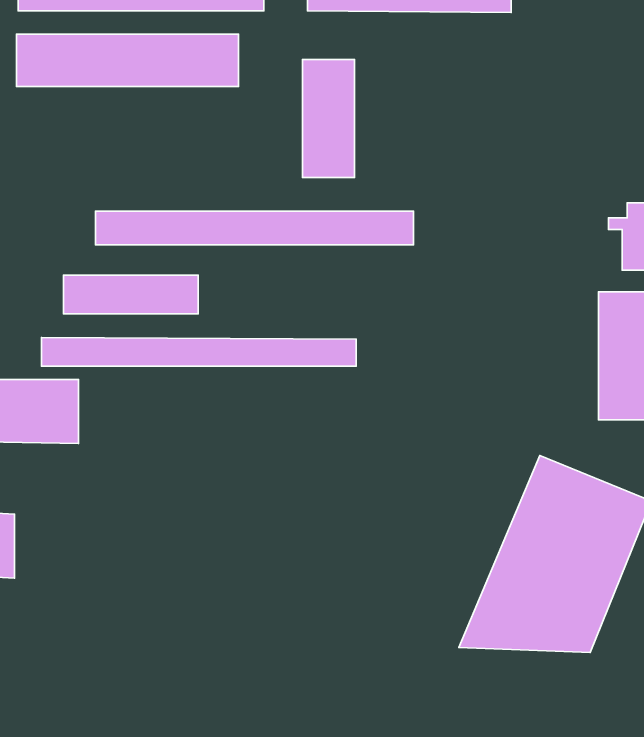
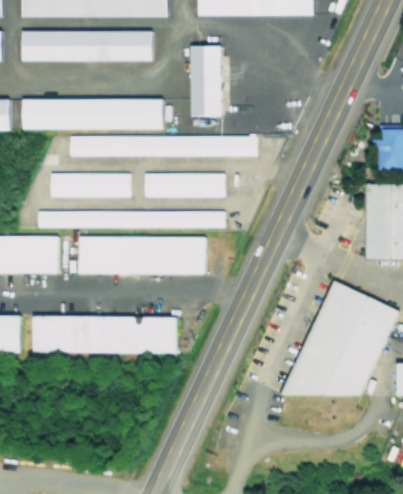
building: none -> [22,98,164,129]
building: none -> [144,173,224,196]
building: none -> [77,236,206,274]
building: none -> [31,315,177,354]

